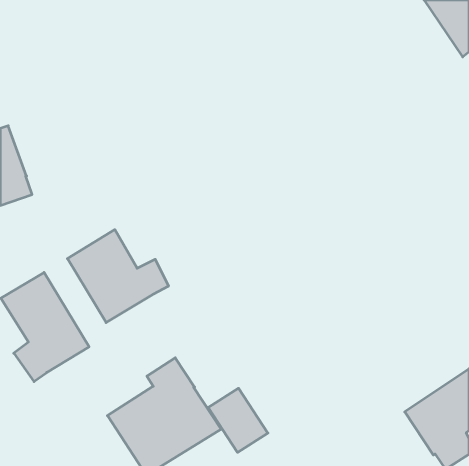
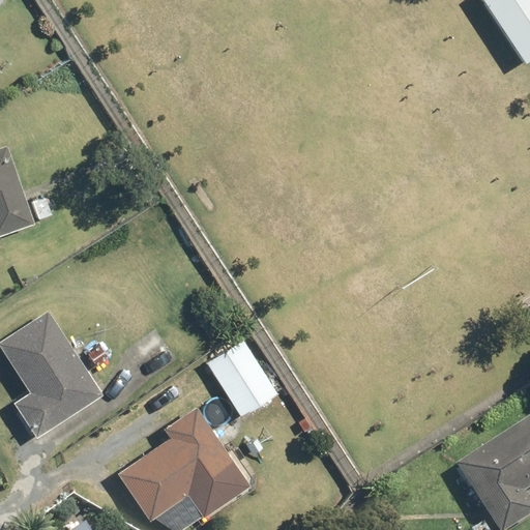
building: [67,230,168,323] -> none
building: [208,388,268,452] -> [209,344,276,416]

